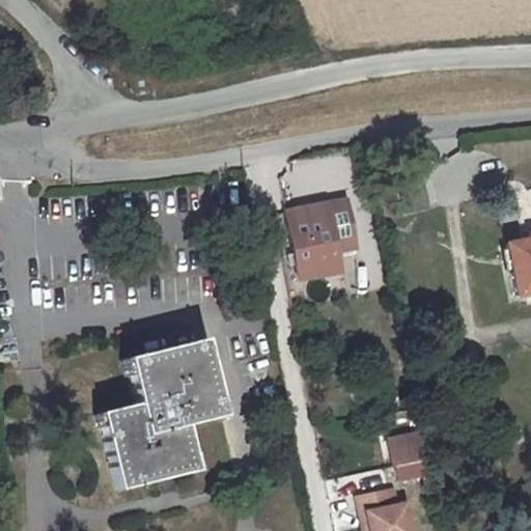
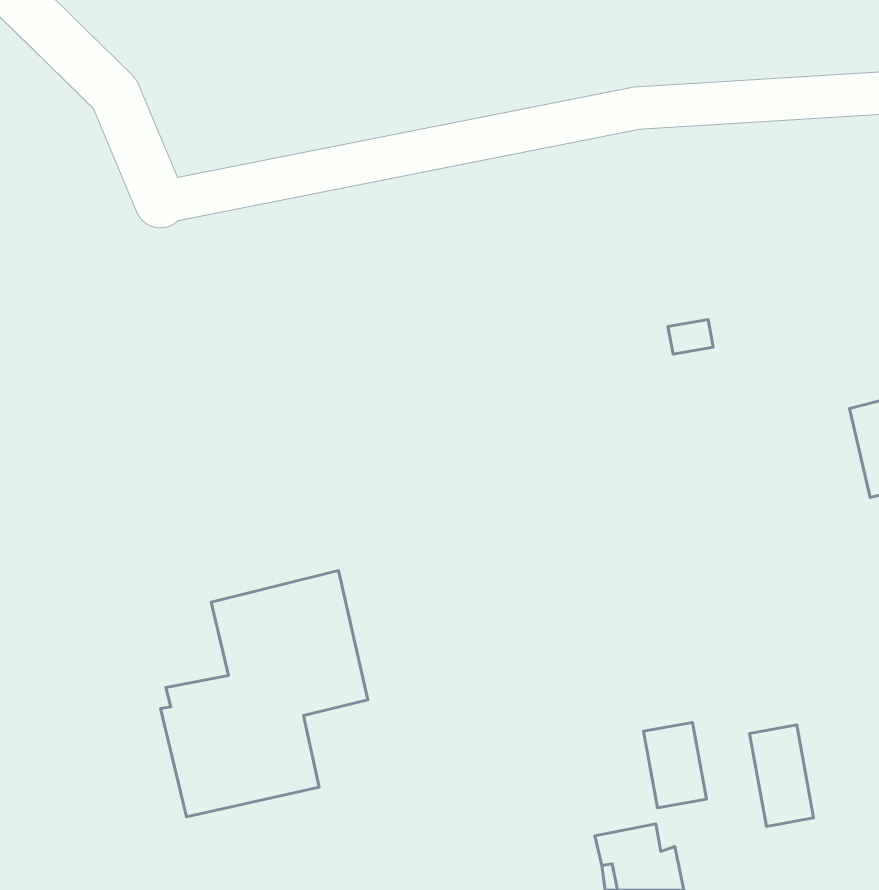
building: [290,199,360,278] -> none
building: none -> [749,725,814,826]

